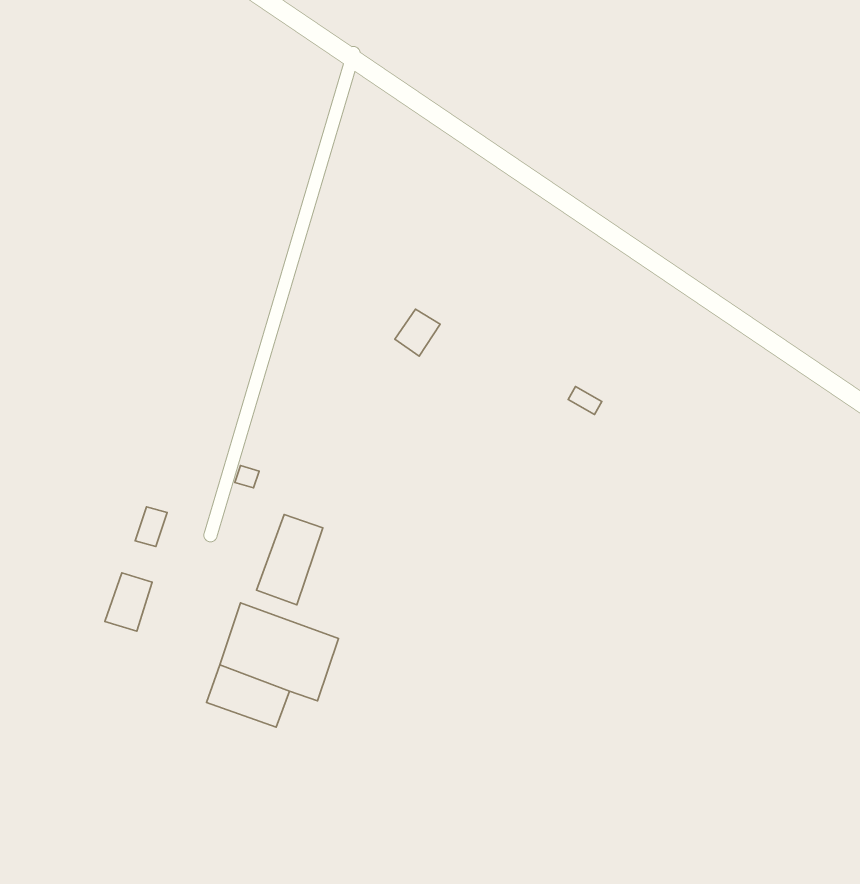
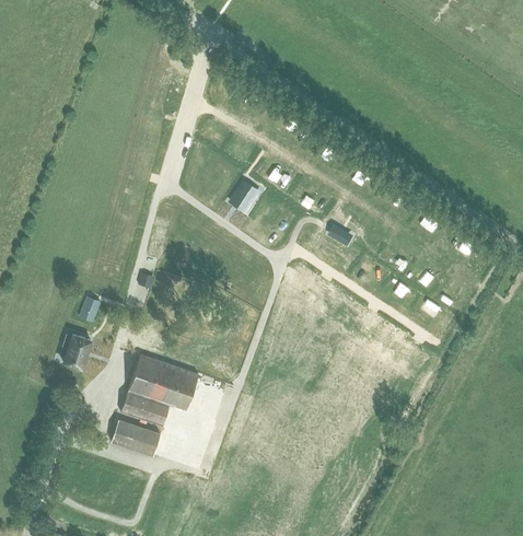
building: [257,514,323,605] -> none
building: none -> [111,419,160,455]

